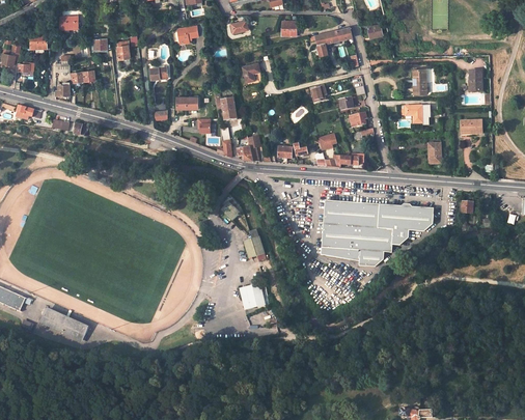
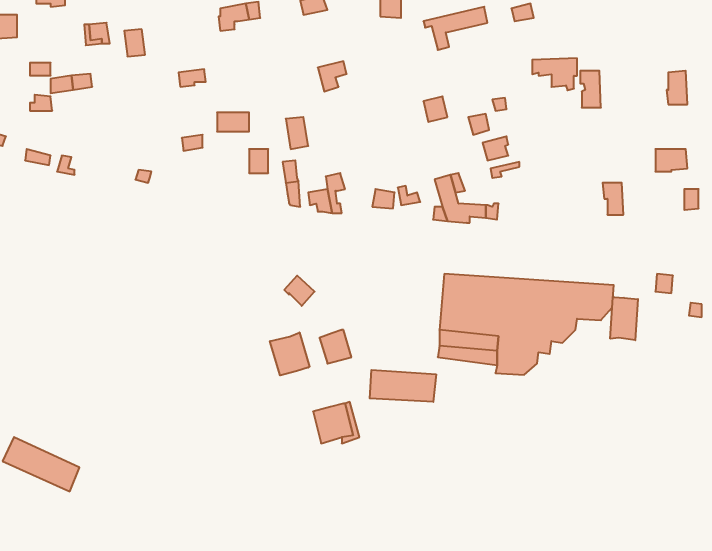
building: [399,105,429,125] -> [532,58,577,90]
building: none -> [610,297,638,340]
building: none -> [270,332,310,375]
building: none -> [370,370,436,402]

